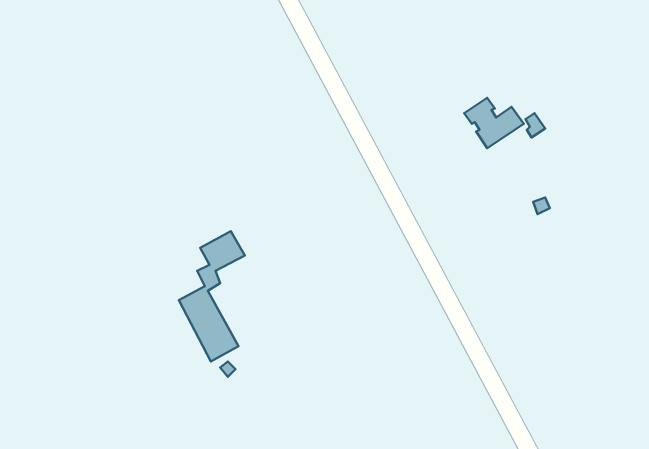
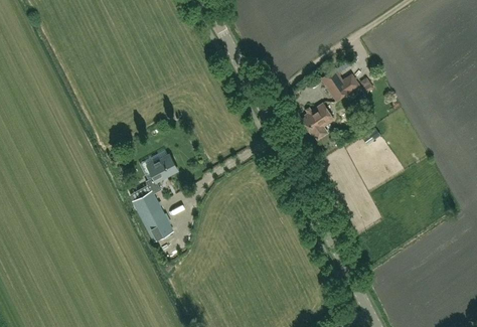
building: none -> [301,103,334,139]

